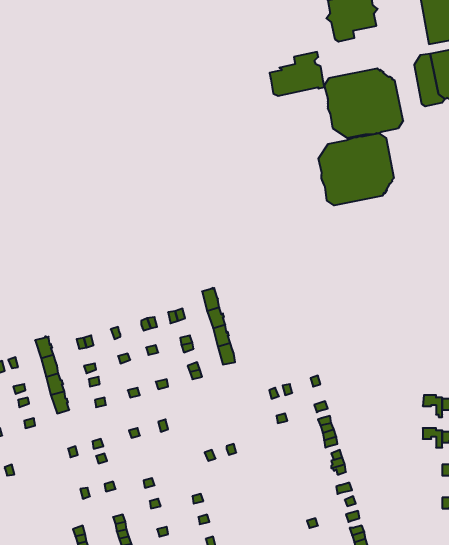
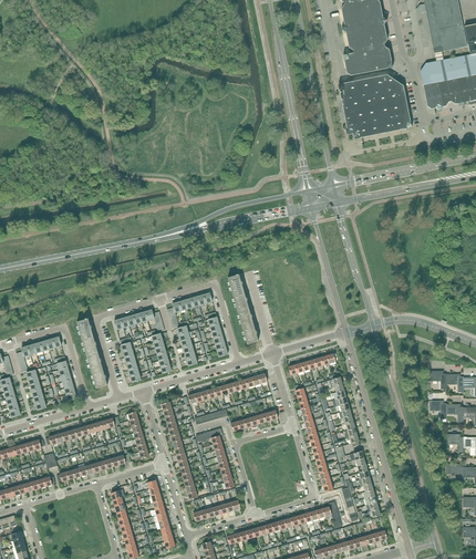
building: [270,52,324,96] -> [343,35,393,75]
building: [318,133,394,205] -> none

